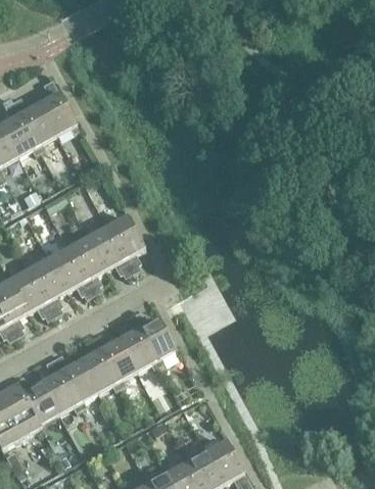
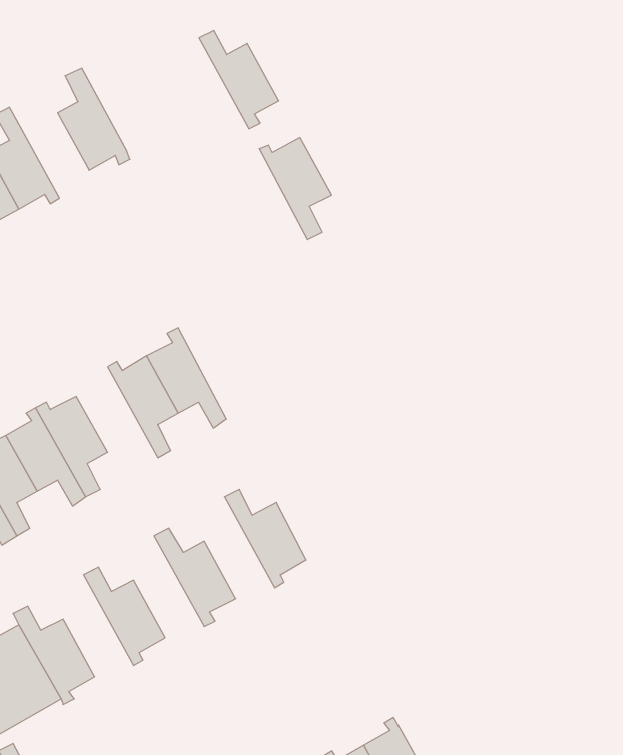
building: [9,97,53,151] -> [199,30,279,129]
building: [102,216,142,273] -> [259,138,331,240]
building: [46,244,91,298] -> none
building: [116,315,155,372] -> none
building: [78,337,116,393] -> none
building: [39,358,78,414] -> none

